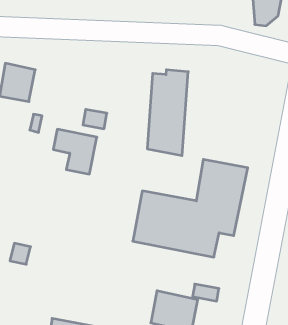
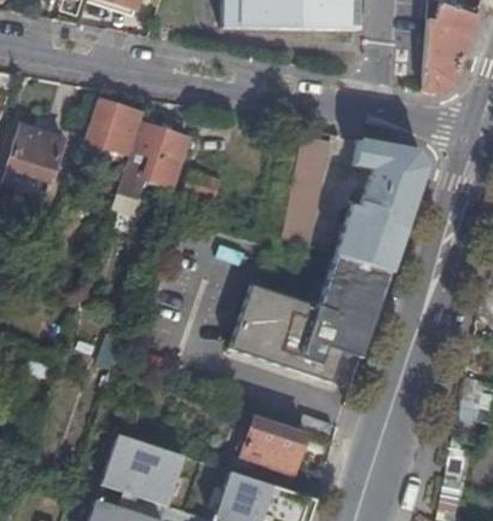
building: none -> [336,139,428,273]
building: [53,129,97,174] -> [132,123,190,186]

